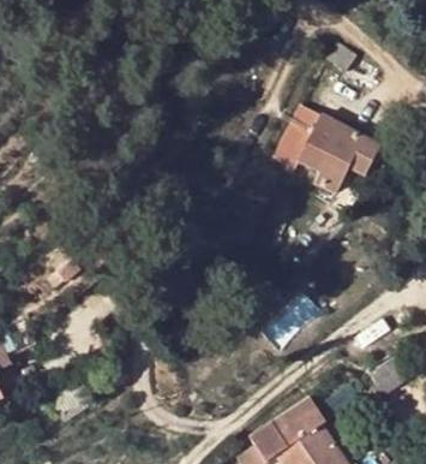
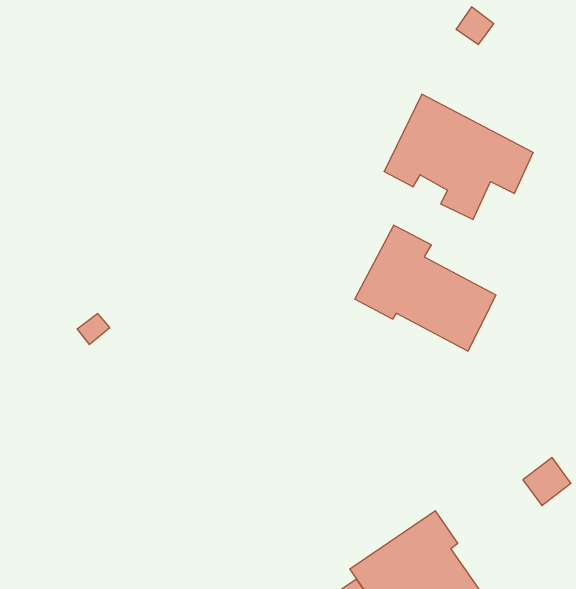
building: none -> [355,225,496,351]

